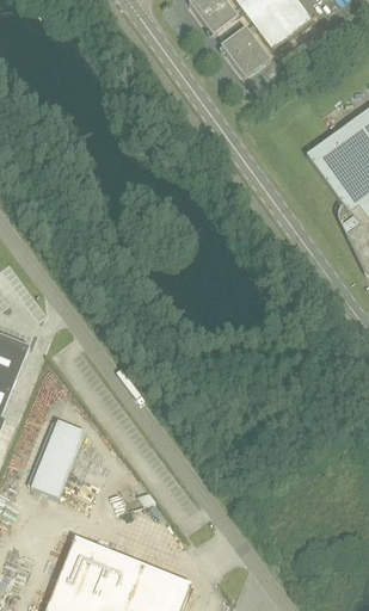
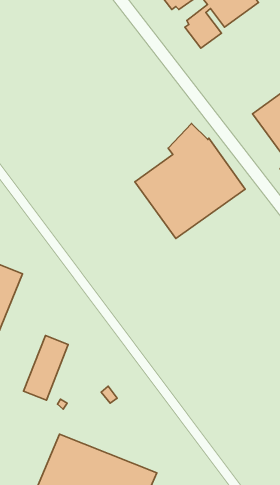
building: none -> [135,124,245,238]

